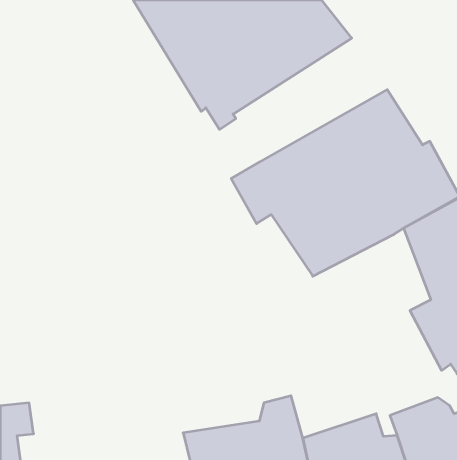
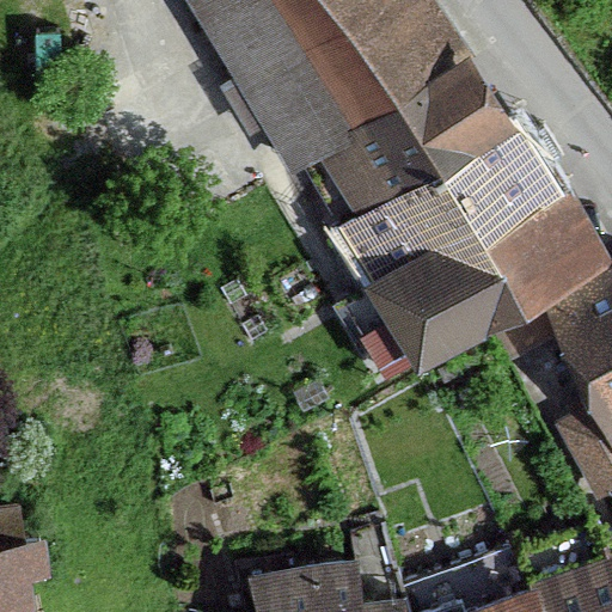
building: none -> [316,54,519,218]

